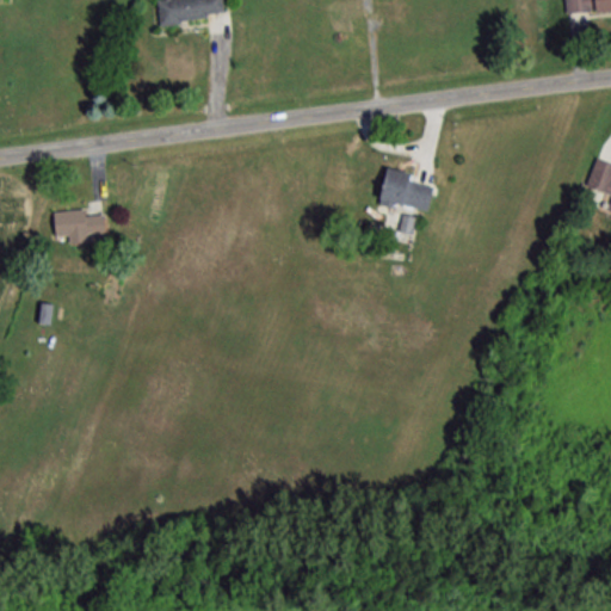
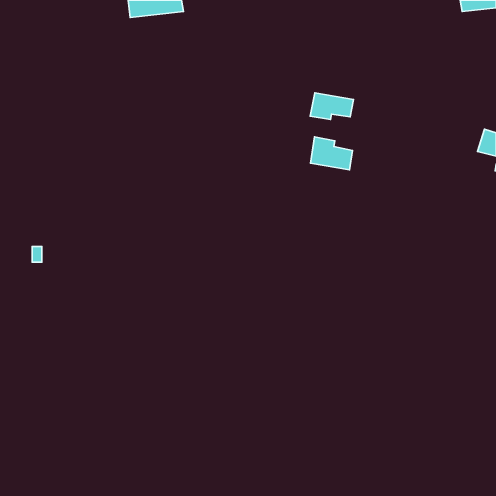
building: none -> [310,93,354,119]
building: [55,209,106,240] -> none

